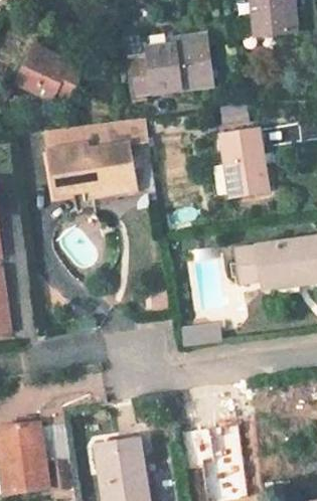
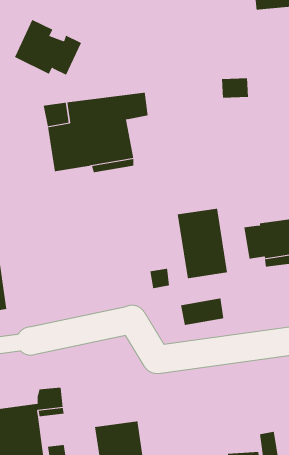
building: [132,35,211,96] -> none
building: [218,130,269,199] -> [177,208,228,279]

